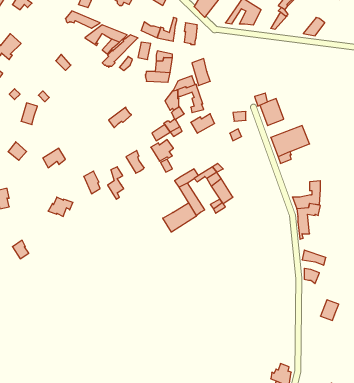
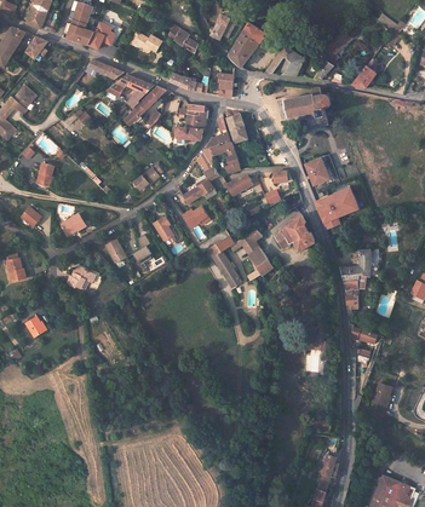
building: none -> [283,87,329,117]
building: none -> [274,215,314,250]
building: [163,203,196,232] -> none

